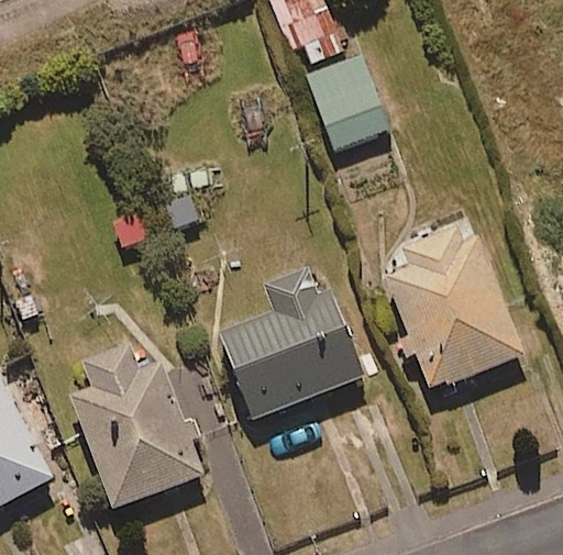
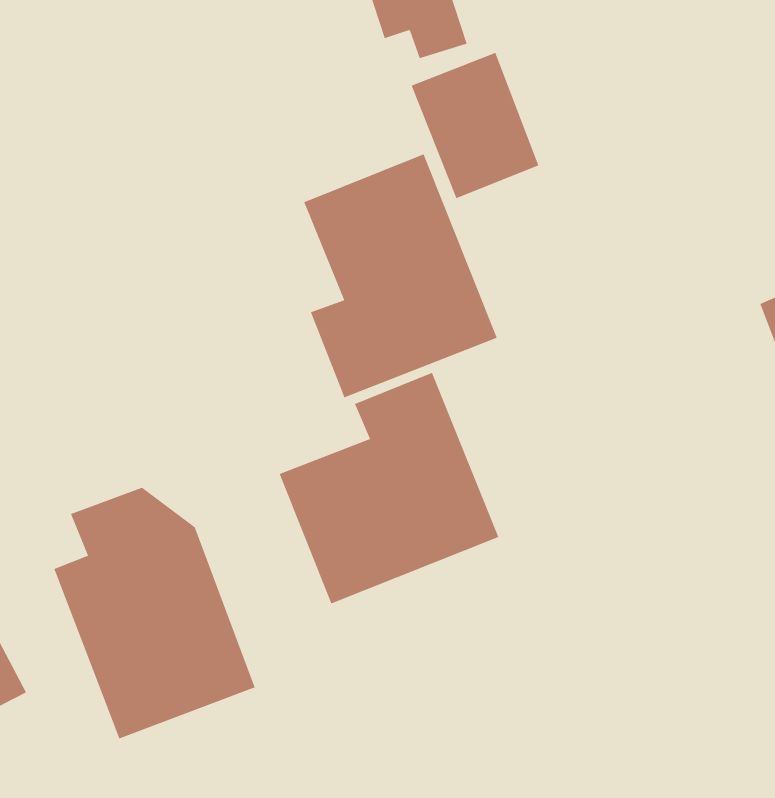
building: none -> [304,154,498,398]
building: [378,220,523,390] -> none

